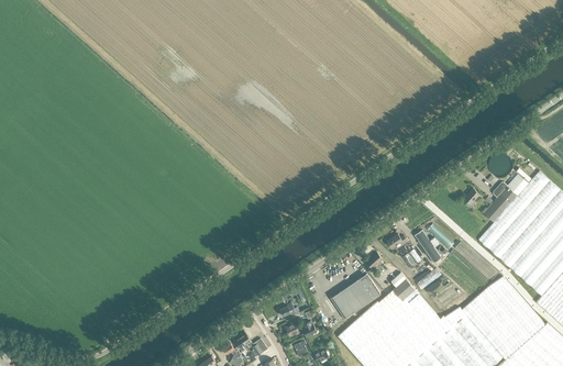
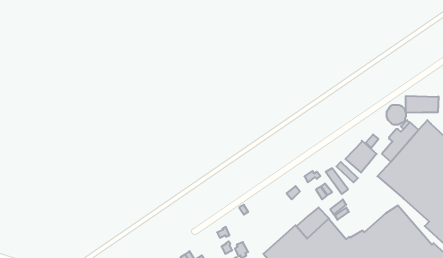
building: none -> [406,96,438,113]
building: none -> [345,141,377,173]
building: [331,274,380,319] -> none

